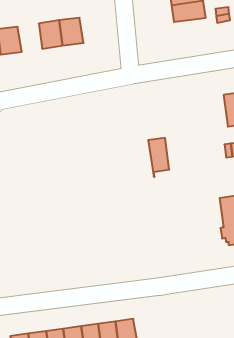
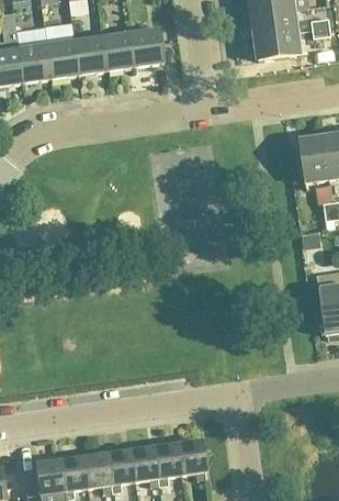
building: none -> [128,26,162,65]
building: none -> [256,31,307,59]
building: none -> [45,38,78,77]
building: [148,138,169,177] -> [300,135,328,188]

